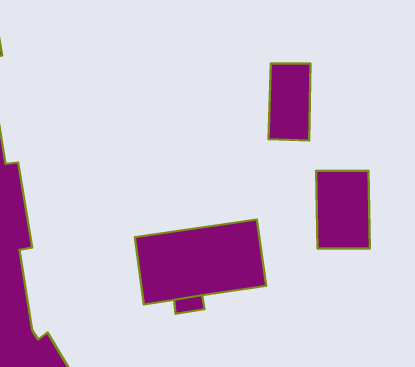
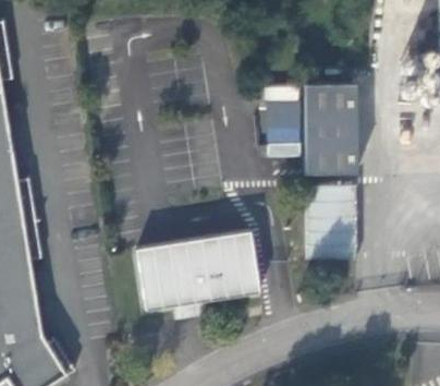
building: none -> [303,84,356,174]

